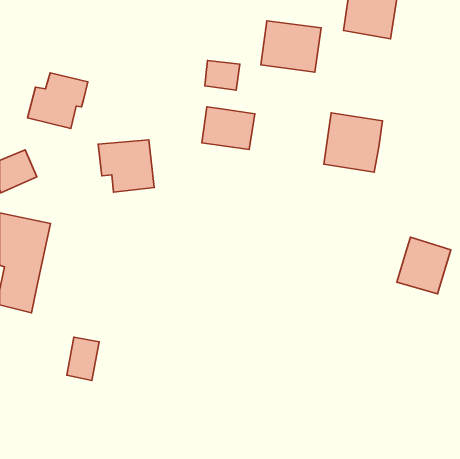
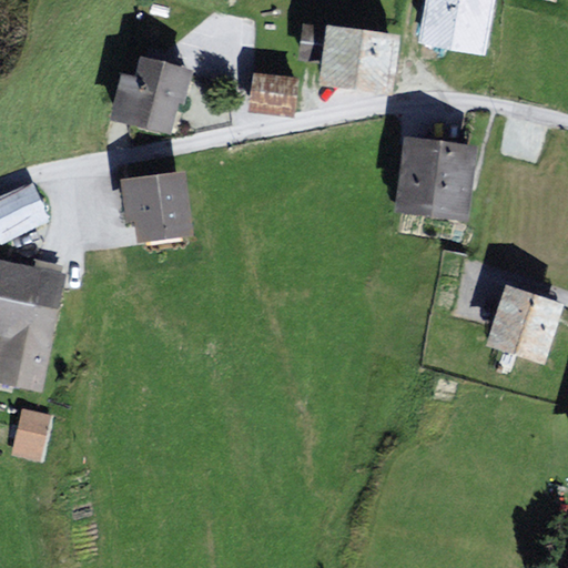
building: [27,73,88,129] -> [115,58,190,126]
building: [202,107,255,149] -> none
building: [67,337,99,381] -> [12,404,52,457]

